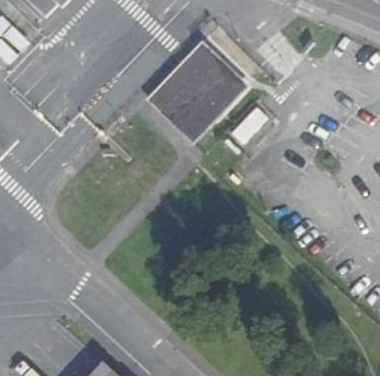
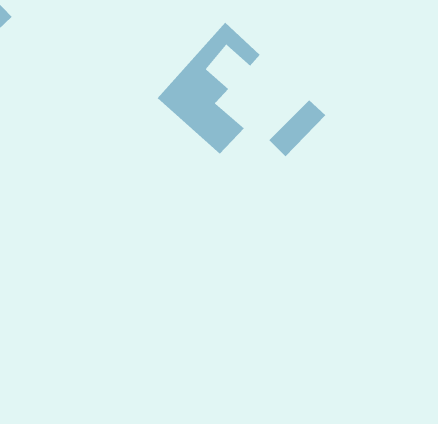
building: [180,65,244,128] -> none

